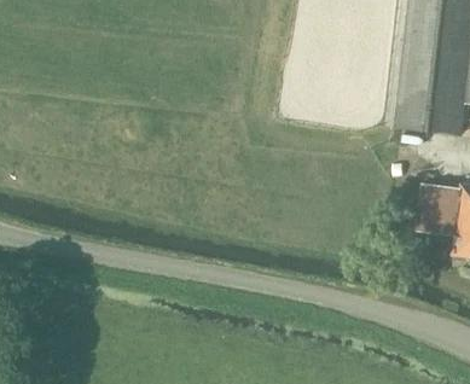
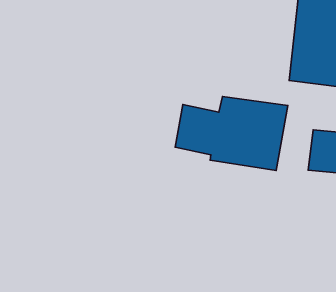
building: none -> [175,97,288,170]

